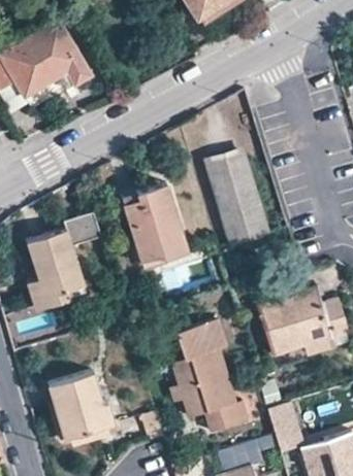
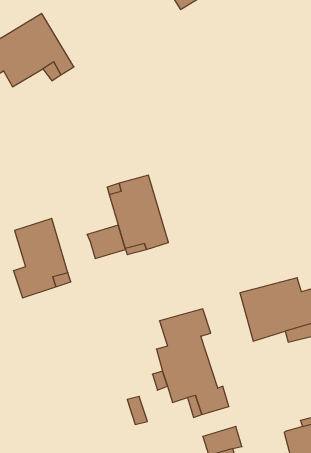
building: [207,154,267,243] -> none
building: [62,213,101,247] -> [87,225,125,258]
building: [49,373,115,439] -> none
building: [266,403,304,455] -> none

